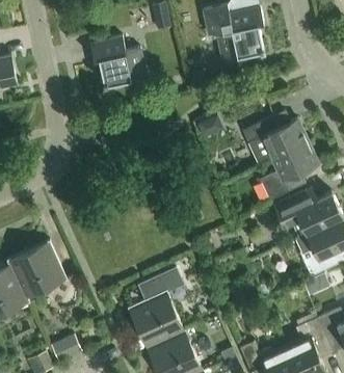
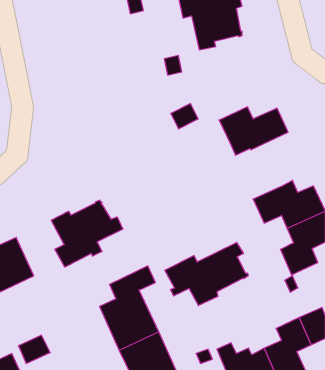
building: [90,37,148,85] -> none
building: [260,142,318,201] -> none
building: none -> [51,200,123,267]
building: none -> [165,242,248,306]

